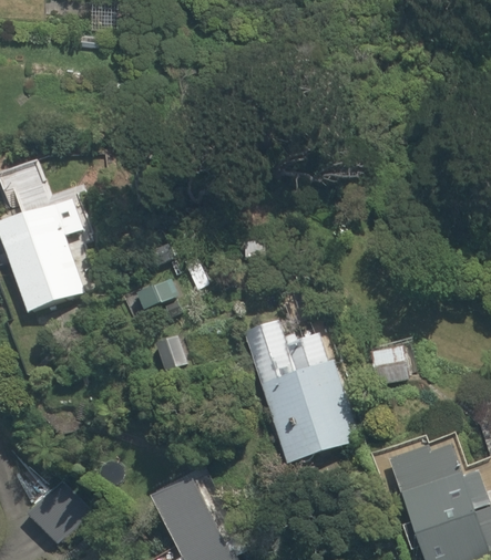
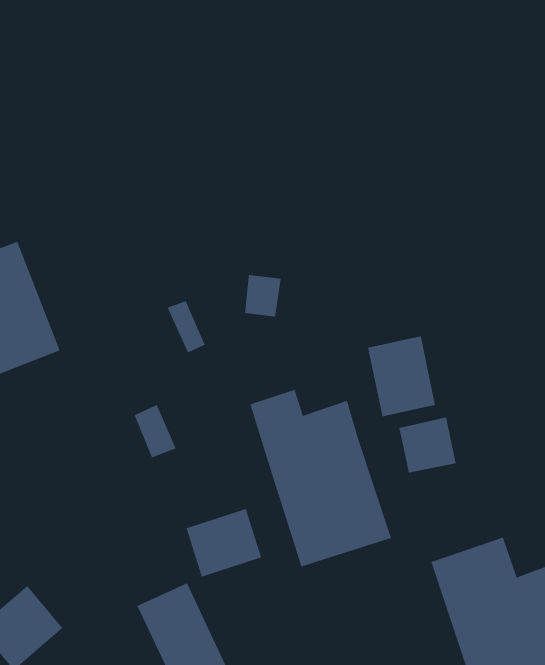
building: none -> [368,335,436,417]
building: none -> [186,508,262,578]

